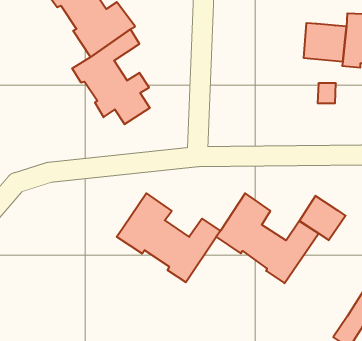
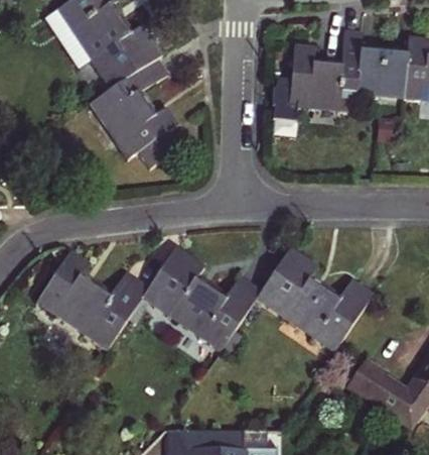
building: none -> [272,30,362,125]
building: [299,196,346,240] -> none
building: none -> [35,251,148,350]
building: none -> [347,357,407,414]

